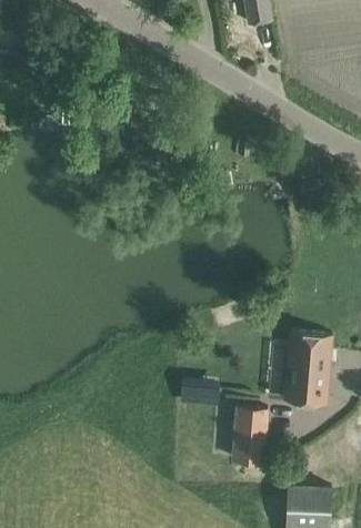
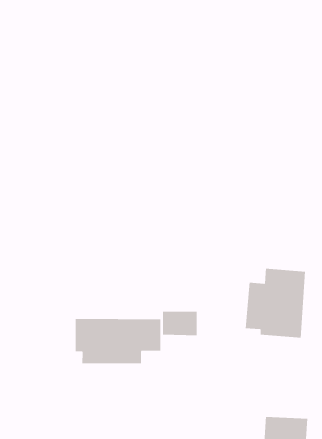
building: none -> [75,318,161,364]
building: [231,404,269,461] -> none

